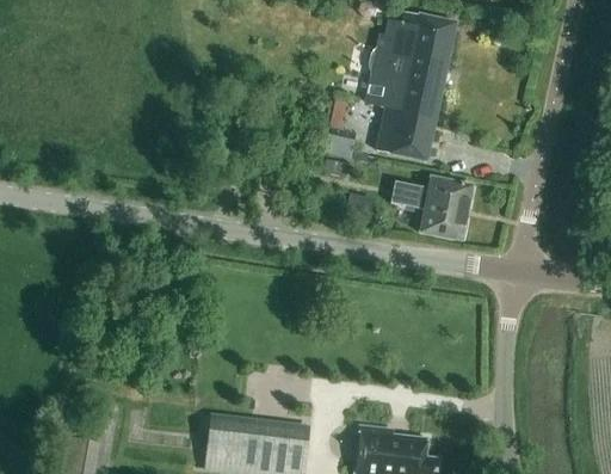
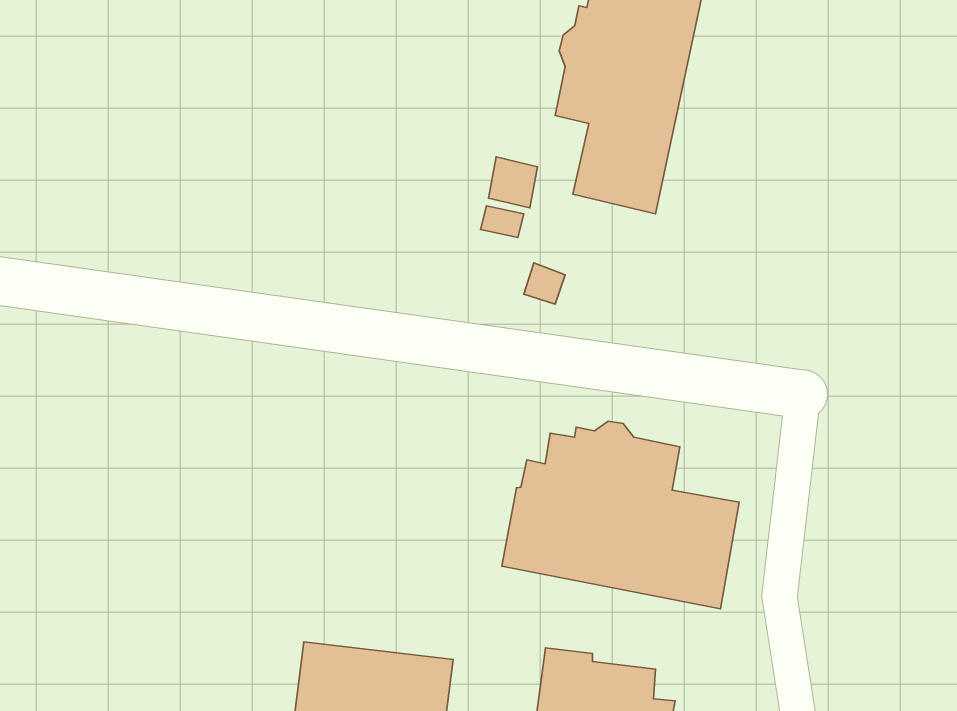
building: [390,177,471,240] -> none
building: none -> [502,421,739,609]

